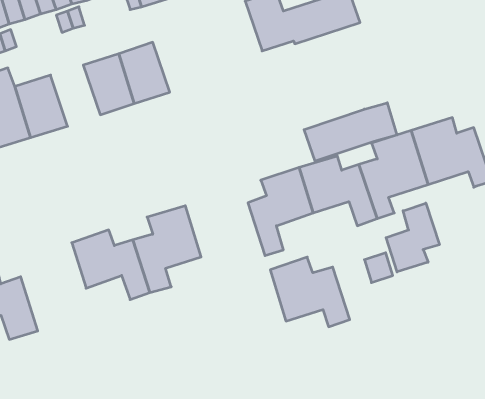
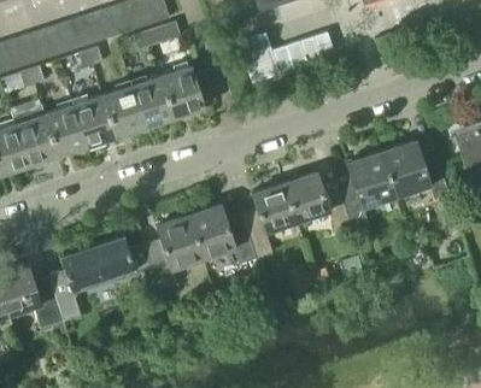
building: none -> [160,65,205,118]
building: none -> [74,95,116,147]
building: [304,103,397,161] -> none
building: [386,203,439,272] -> none
building: none -> [48,246,104,321]
building: [270,257,350,327] -> [188,204,256,263]

